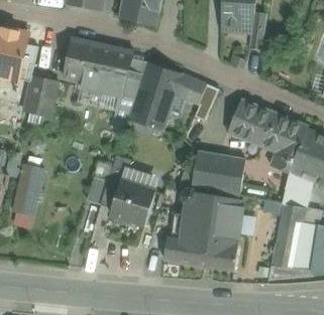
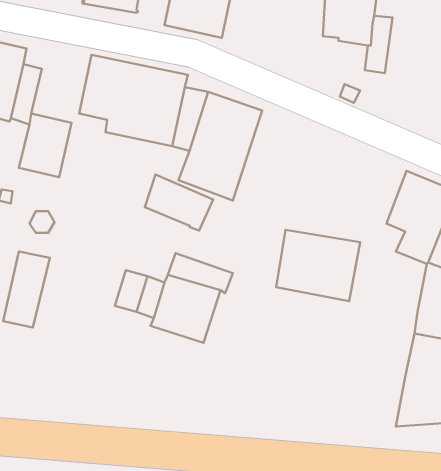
building: [175,73,219,110] -> [145,175,213,230]
building: [227,99,276,147] -> none
building: [164,190,241,271] -> none

